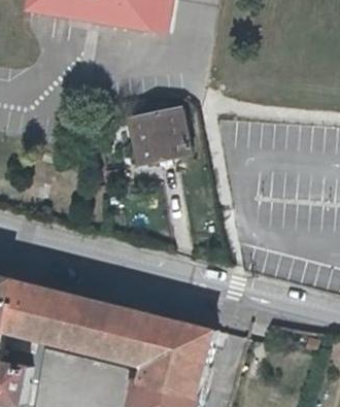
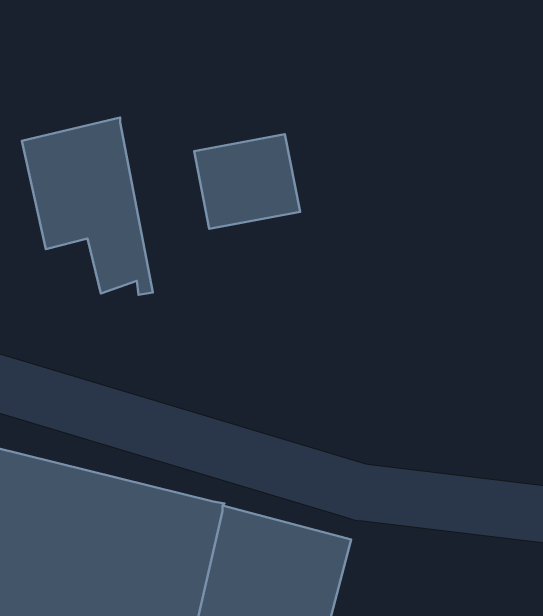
building: none -> [22,117,153,295]

